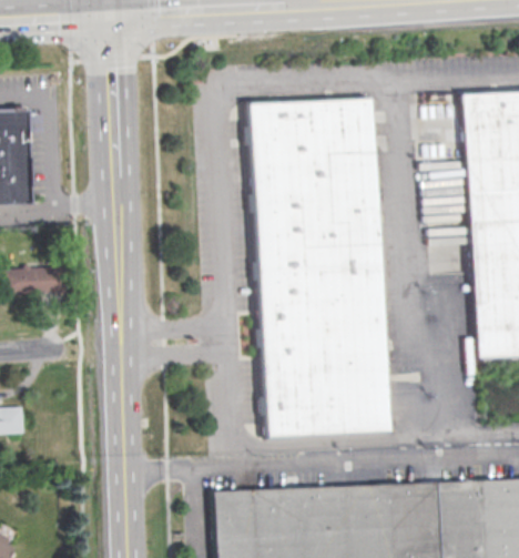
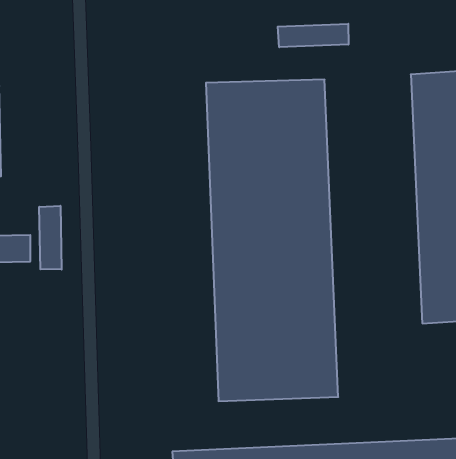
building: none -> [278,24,348,47]
building: none -> [39,206,62,270]

